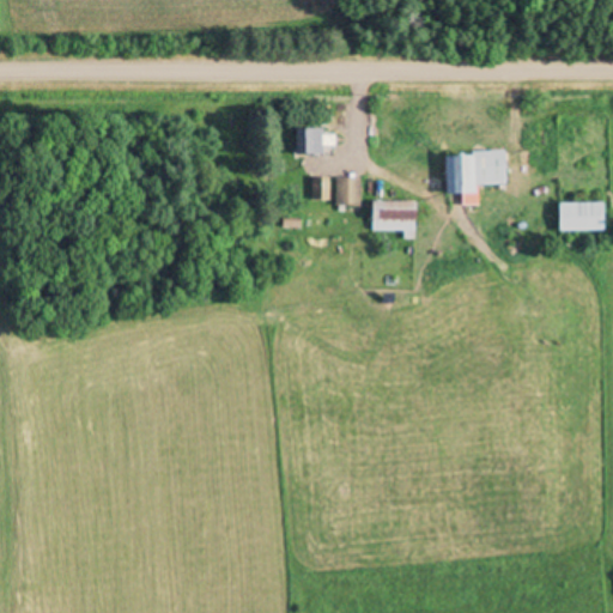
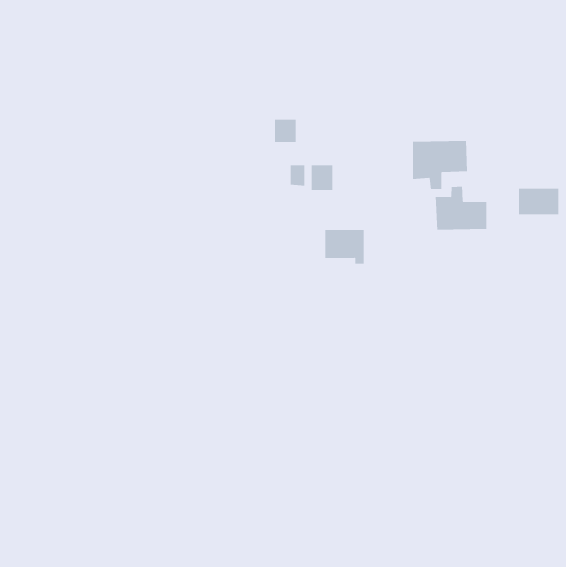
building: none -> [435,186,487,230]
building: [374,200,417,237] -> [325,229,365,264]

